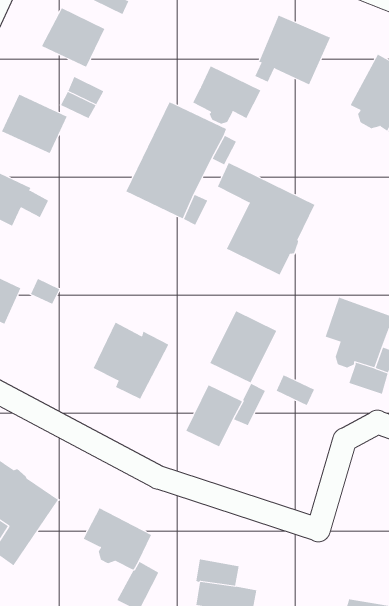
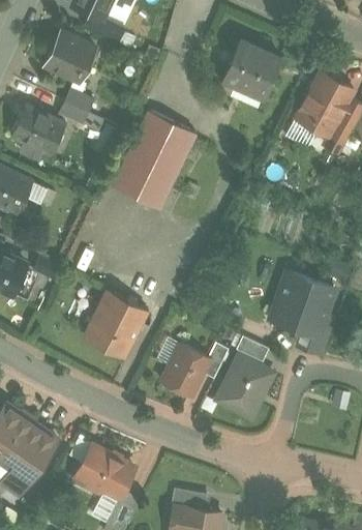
building: [193,66,261,125] -> none
building: [217,162,315,275] -> none
building: [209,311,277,383] -> [217,357,273,417]

